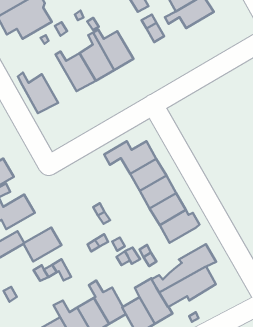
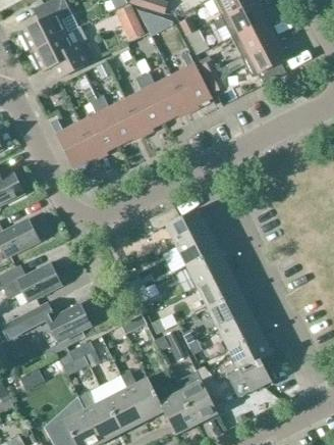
building: none -> [171,52,212,109]
building: none -> [79,99,119,156]
building: none -> [219,312,262,349]

